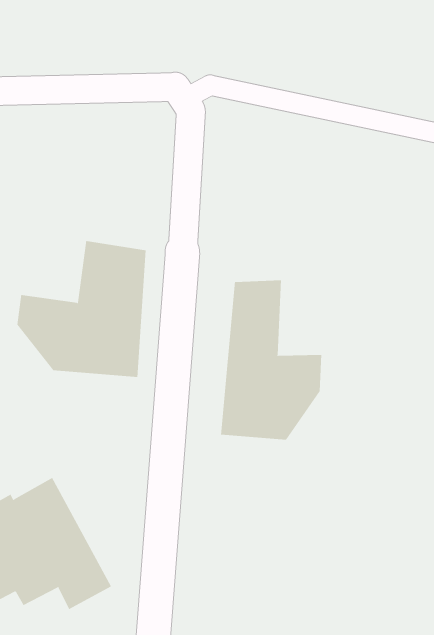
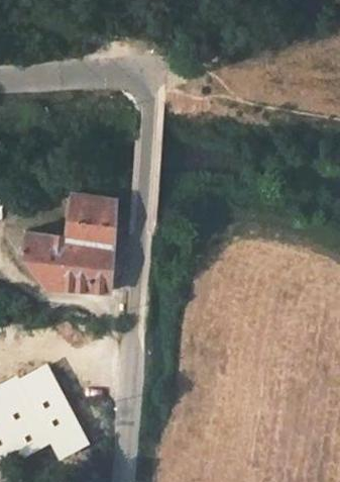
building: [220,279,322,440] -> none

